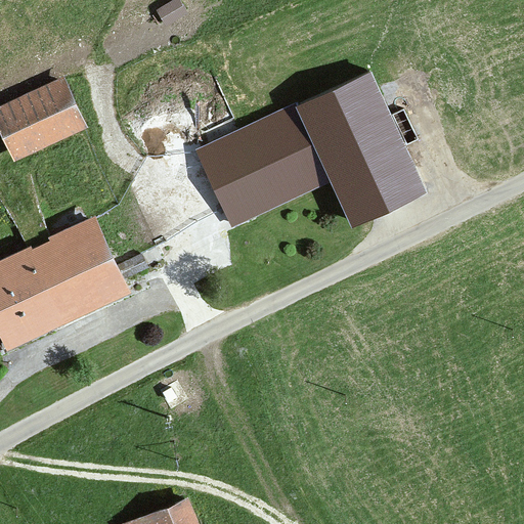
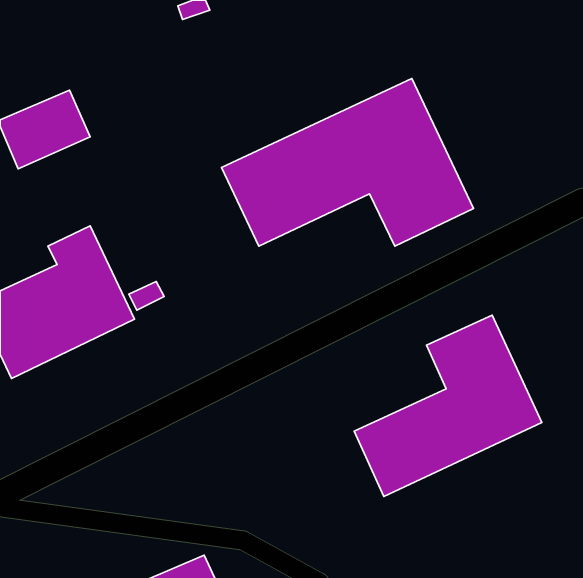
building: none -> [354,315,542,496]

